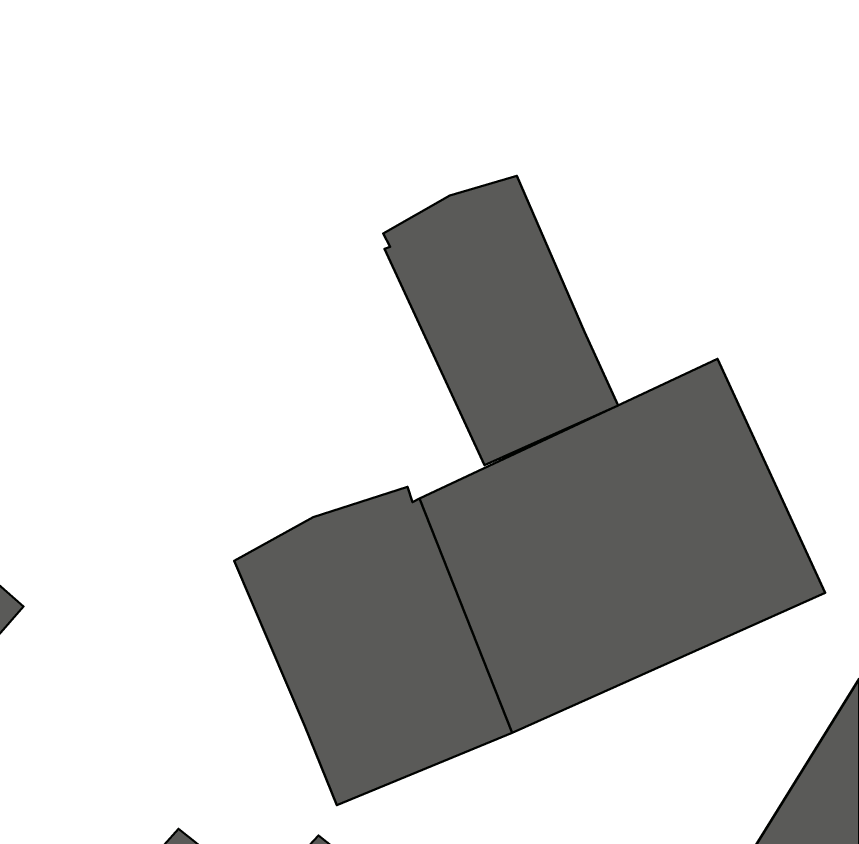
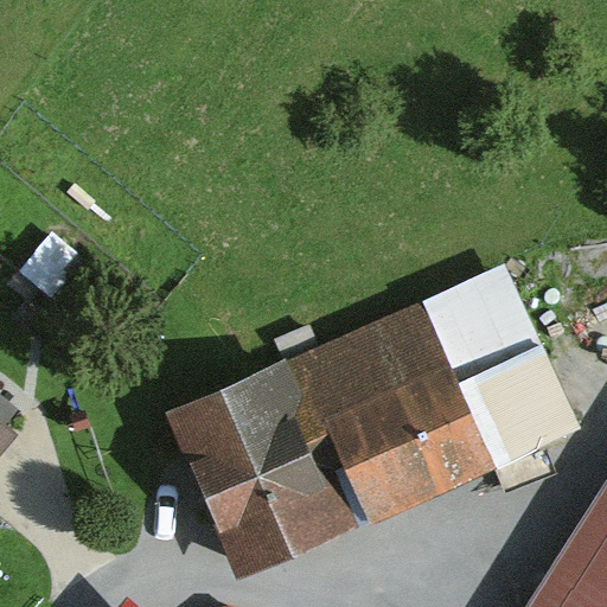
building: [383,176,618,465] -> none

